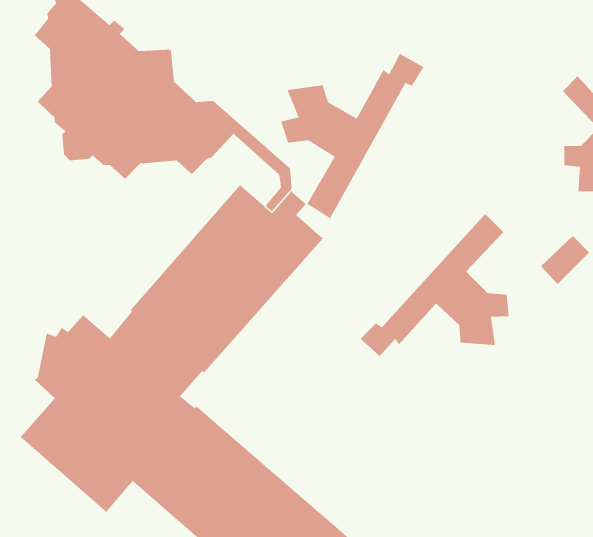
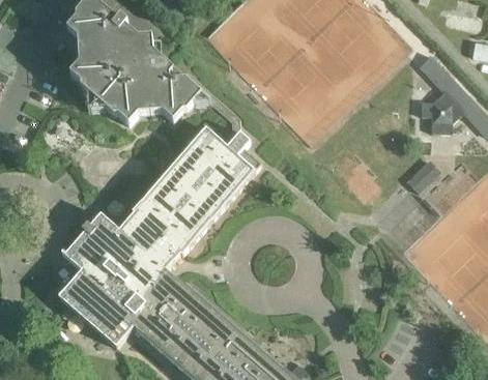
building: [280,52,424,219] -> none
building: [360,213,509,358] -> none

